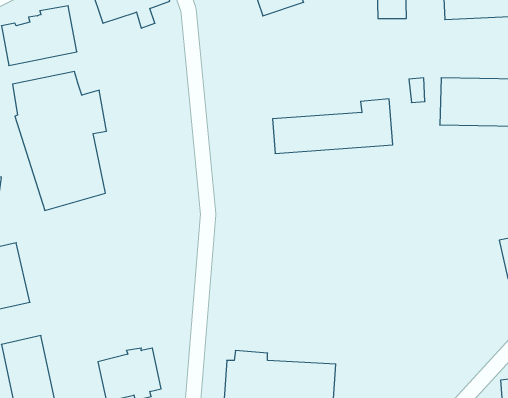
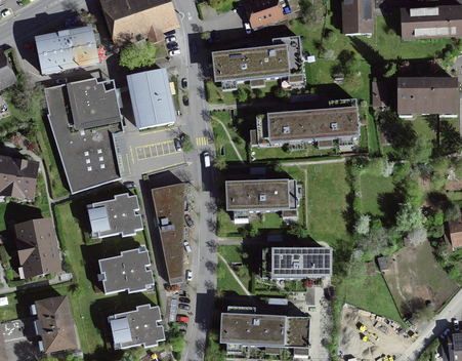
building: none -> [217,35,303,82]
building: none -> [128,68,173,126]
building: none -> [151,183,185,277]
building: none -> [225,183,296,212]
building: none -> [93,192,143,236]
building: none -> [264,247,336,277]
building: none -> [99,248,155,293]

